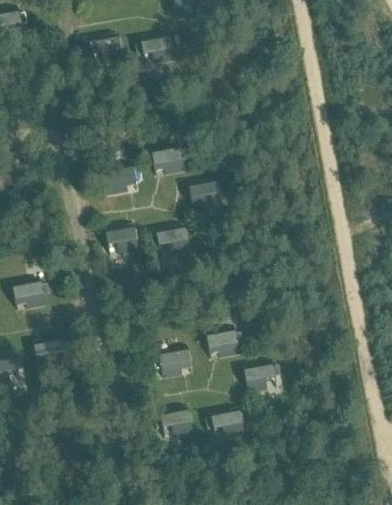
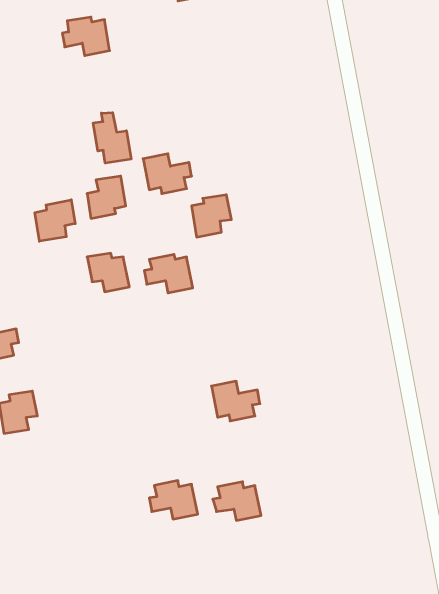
building: [136,33,175,64] -> none
building: none -> [93,113,131,163]
building: none -> [35,200,75,241]
building: [154,343,191,378] -> none
building: [244,359,281,393] -> none

